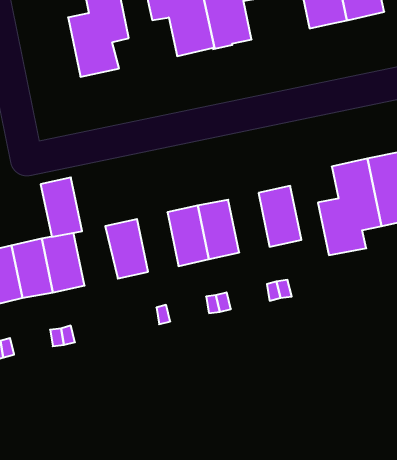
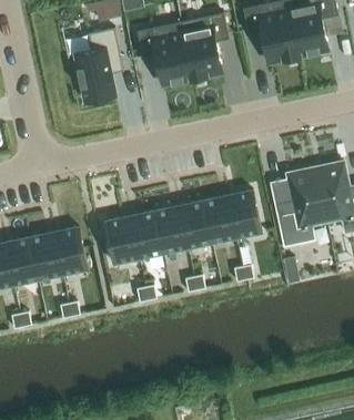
building: [41,177,82,237] -> [130,211,163,258]
building: none -> [203,195,236,243]

